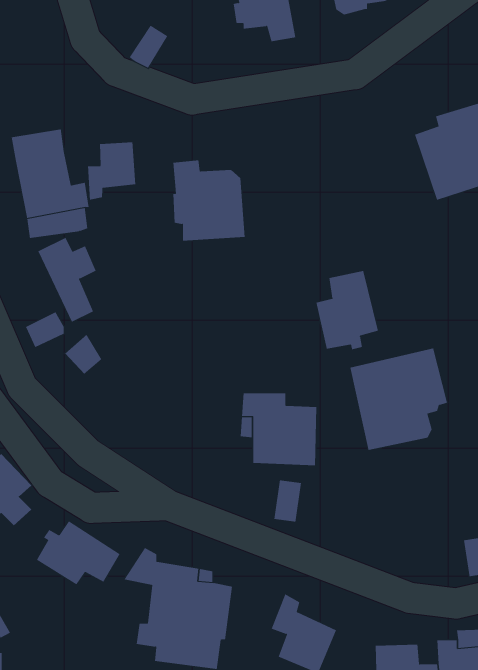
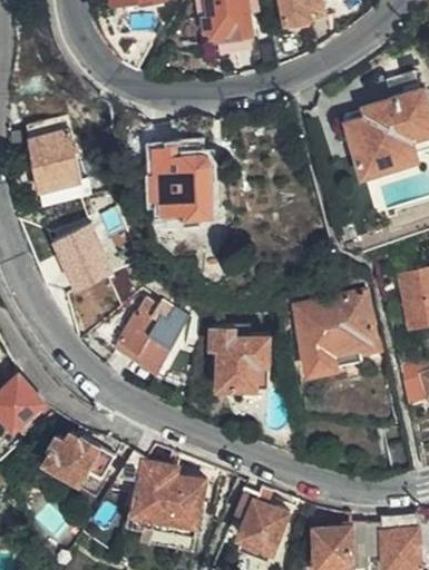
building: [88,141,136,200] -> none
building: [316,270,378,350] -> none
building: none -> [117,302,186,366]

